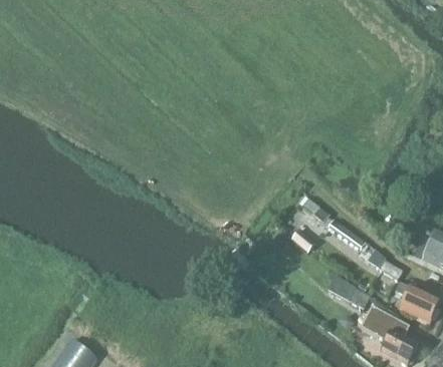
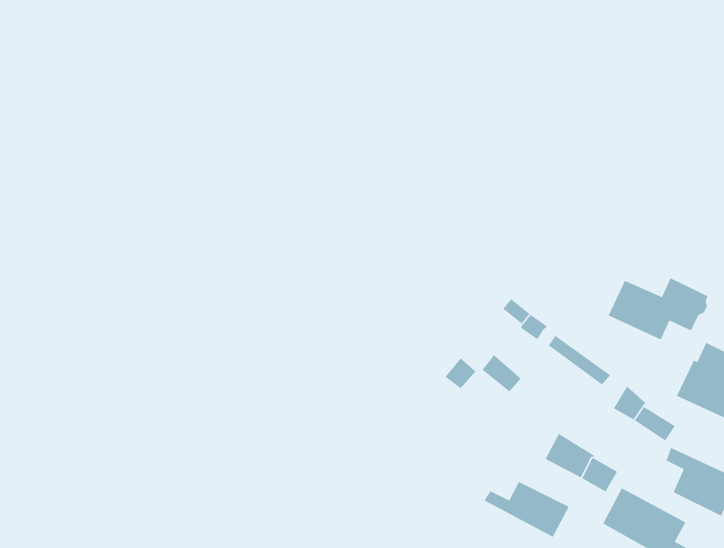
building: none -> [607,277,709,341]
building: none -> [483,481,570,538]

